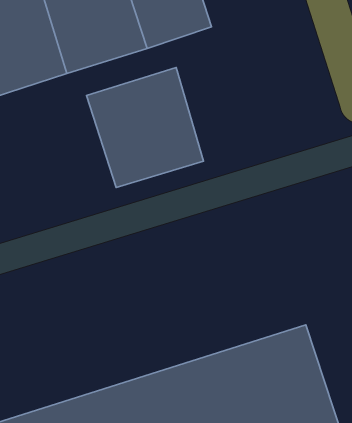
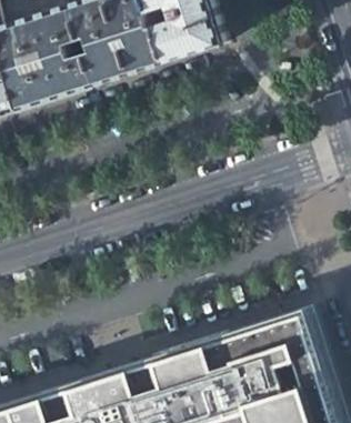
building: [86,68,204,188] -> none

